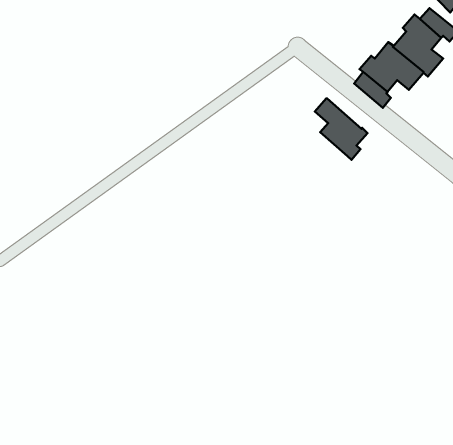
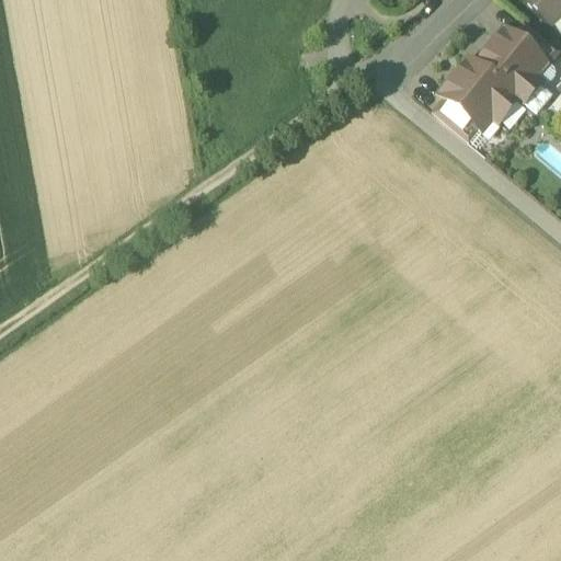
building: [315,99,368,160] -> none

